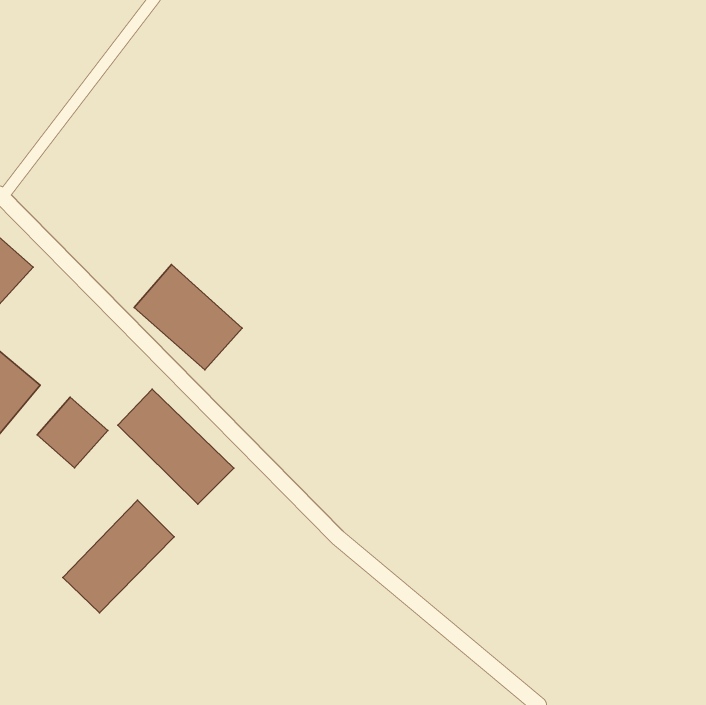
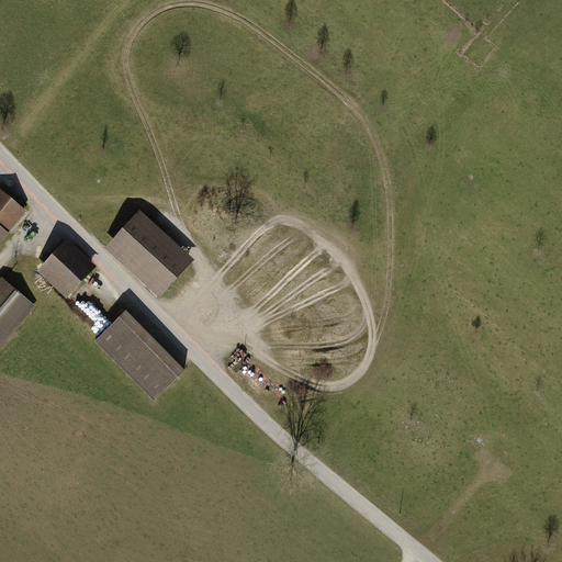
building: [37,397,108,468] -> [38,239,94,295]
building: [63,500,174,613] -> none

